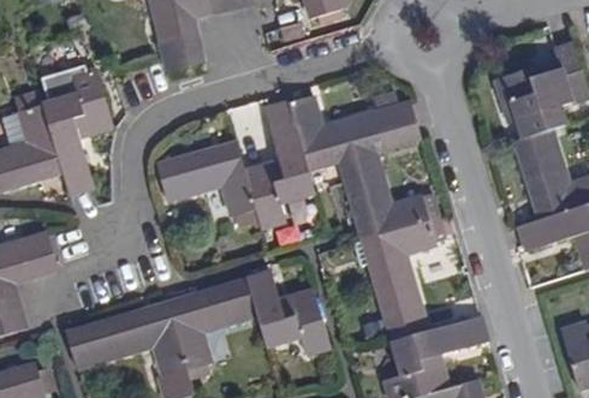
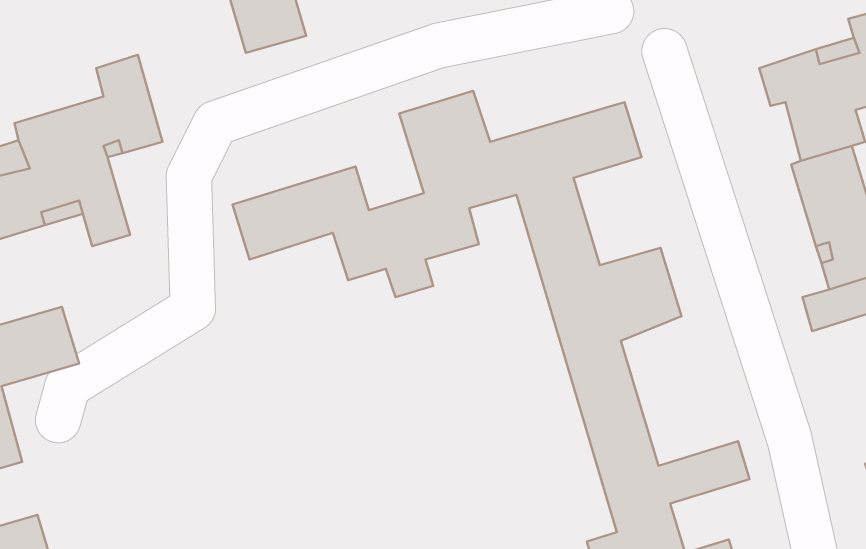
building: [66,273,332,378] -> none

